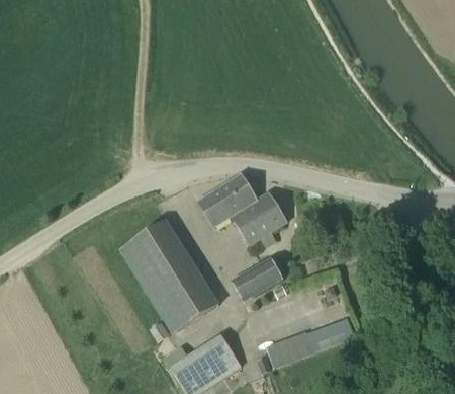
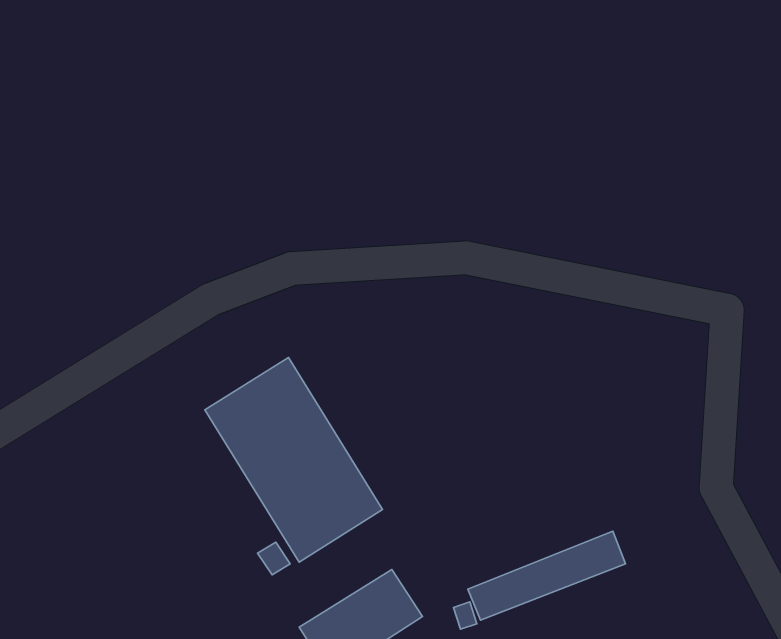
building: [197,173,287,244] -> none
building: [232,256,283,300] -> none

